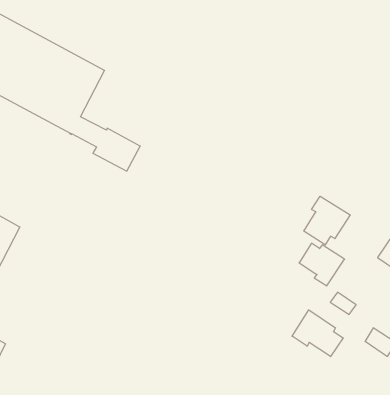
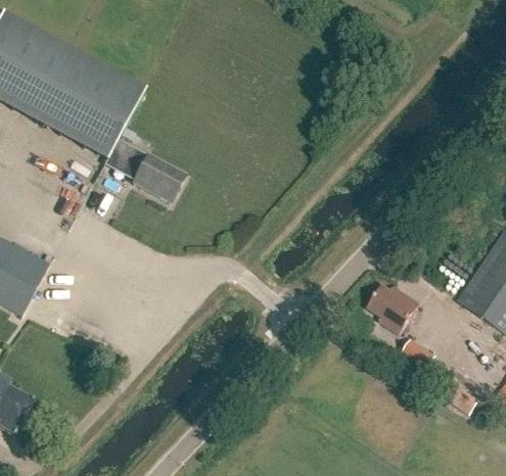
building: [304,196,350,245] -> none
building: [292,310,343,357] -> none

